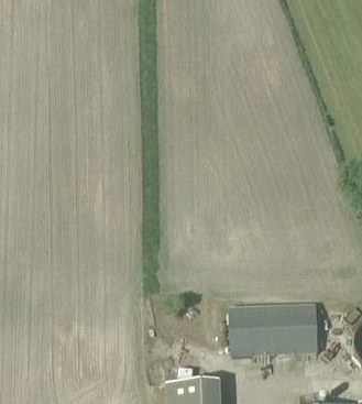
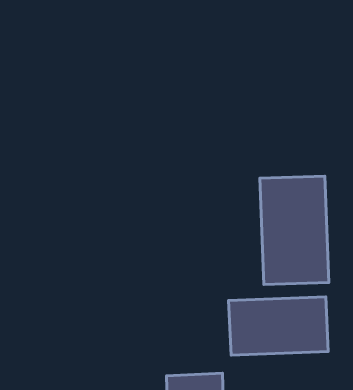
building: none -> [260,176,329,284]

